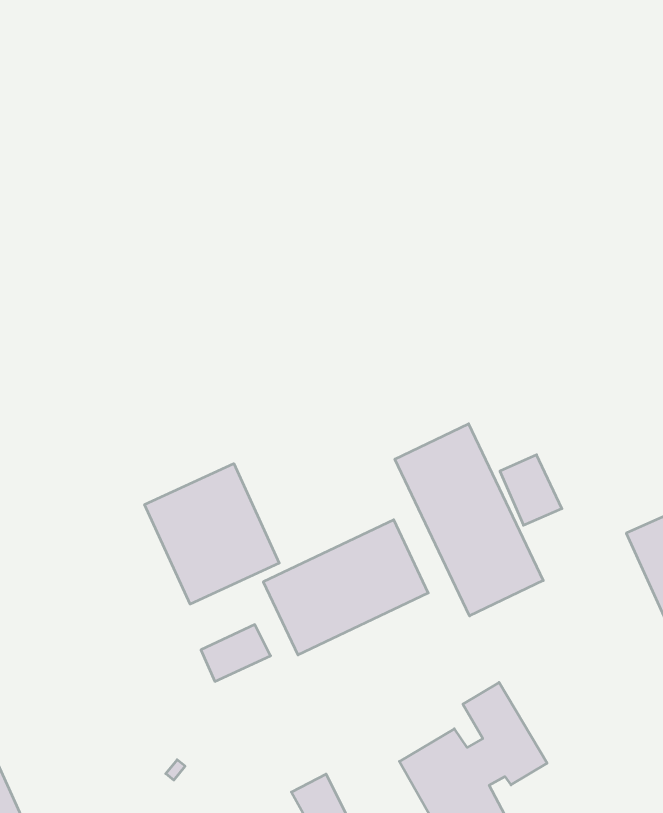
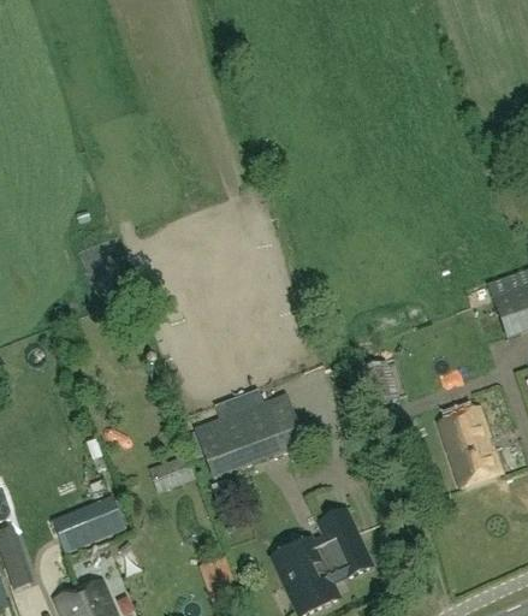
building: [395,424,543,616] -> none
building: [145,464,279,604] -> none
building: none -> [55,498,126,551]

